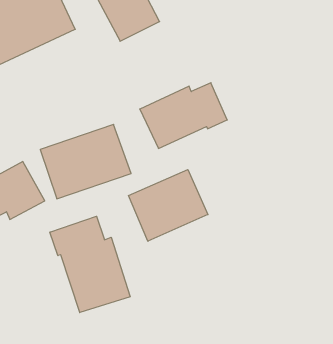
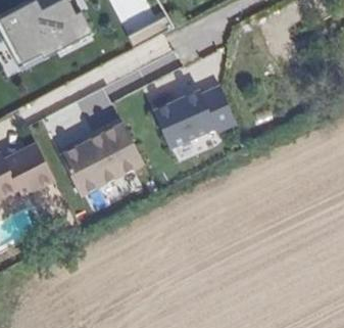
building: [128,170,208,241] -> none
building: [50,216,130,313] -> none

